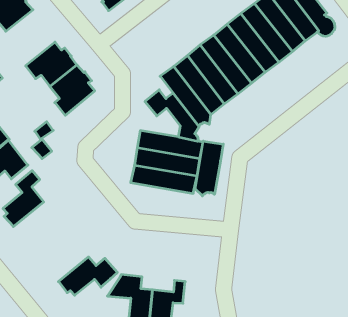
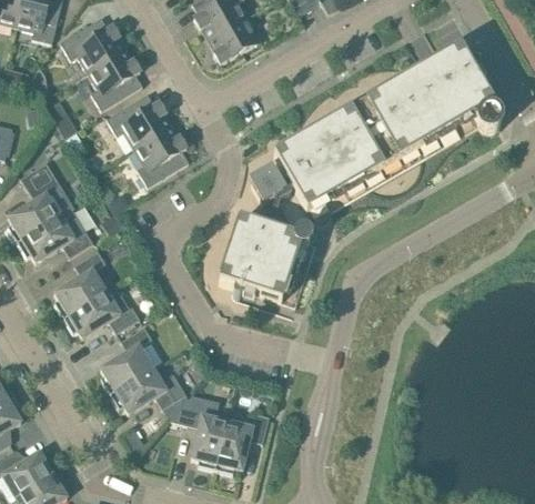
building: none -> [87,48,141,109]
building: [195,141,223,196] -> none
building: none -> [62,284,138,336]
building: none -> [99,324,151,392]

